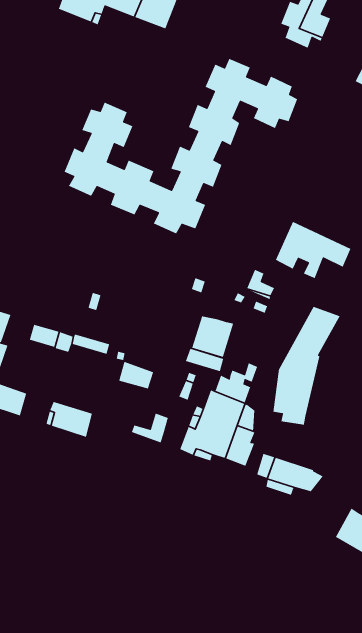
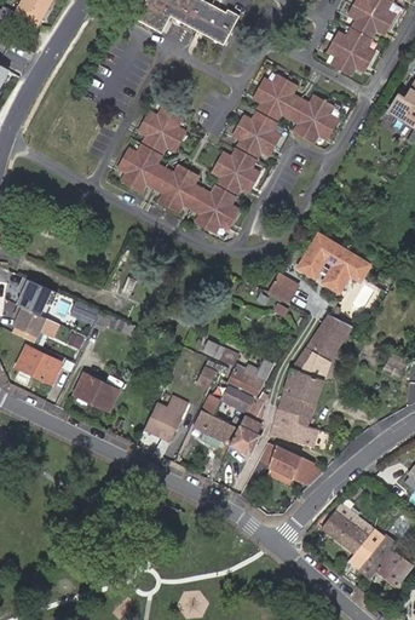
building: [191,316,234,358] -> none
building: [118,361,154,390] -> [140,411,174,440]
building: none -> [272,407,319,446]

